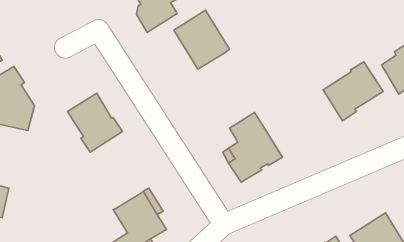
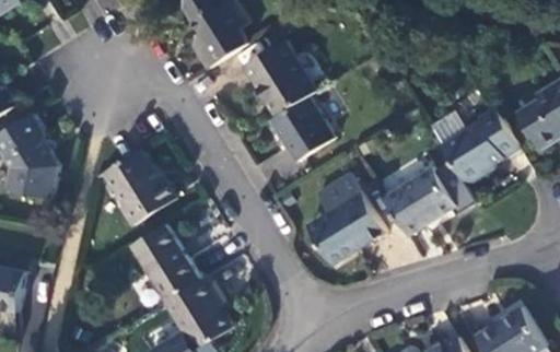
building: none -> [268,95,334,161]
building: none -> [382,165,455,235]
building: none -> [129,223,199,301]

